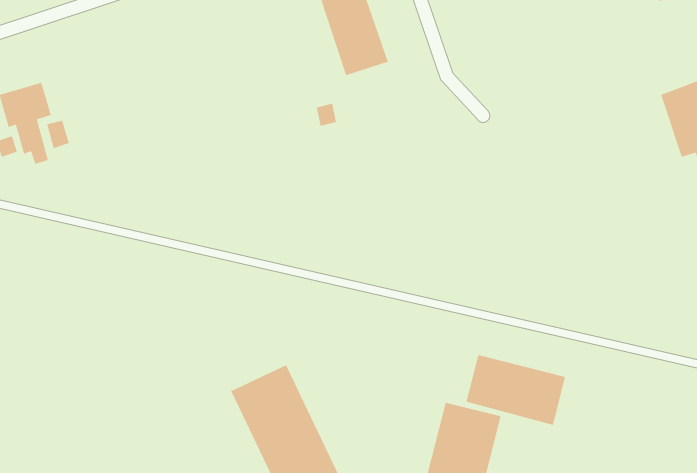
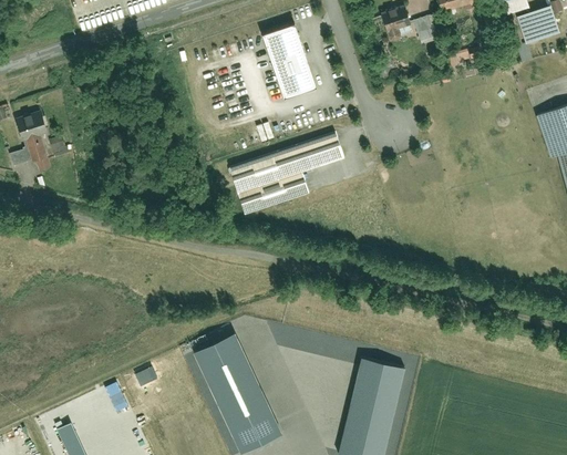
building: none -> [227,131,347,216]
building: [465,354,566,426] -> none

